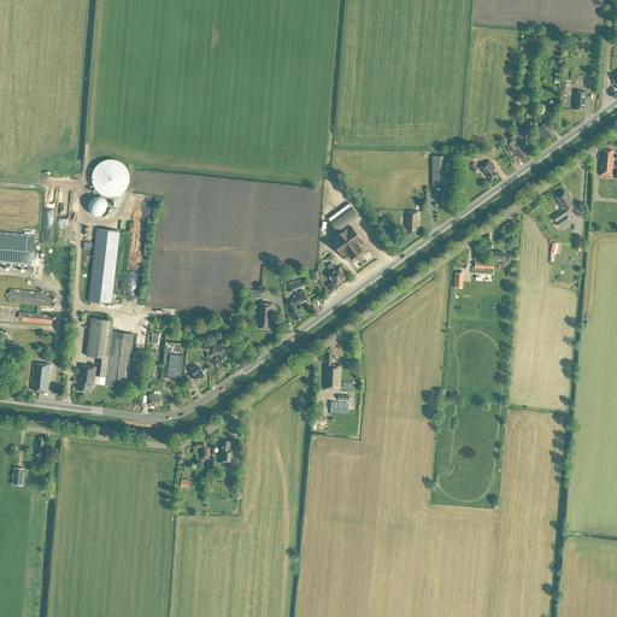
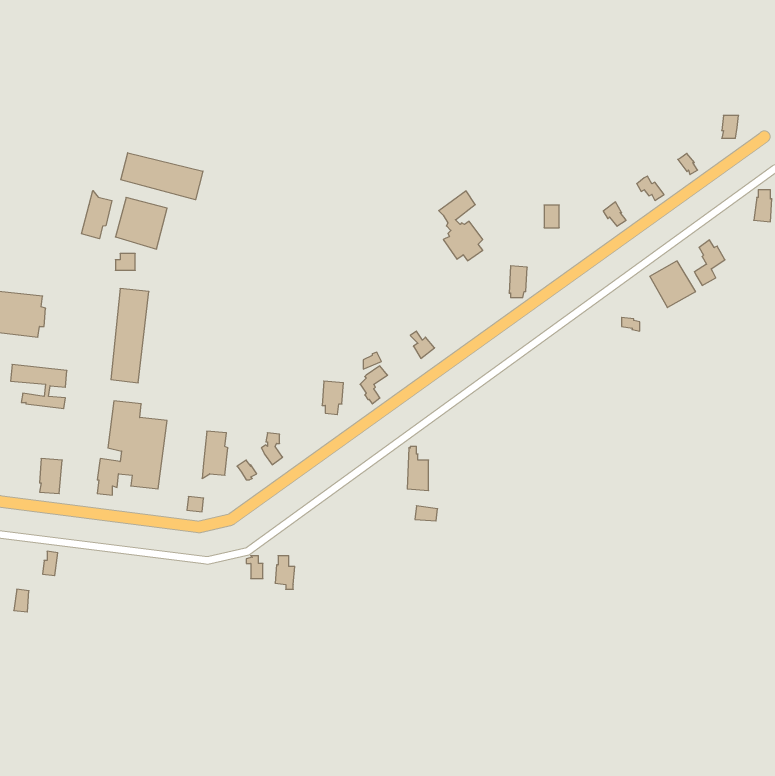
building: none -> [121,153,203,200]
building: none -> [82,191,112,239]
building: [327,204,362,259] -> [439,191,483,261]
building: none -> [650,261,695,308]

